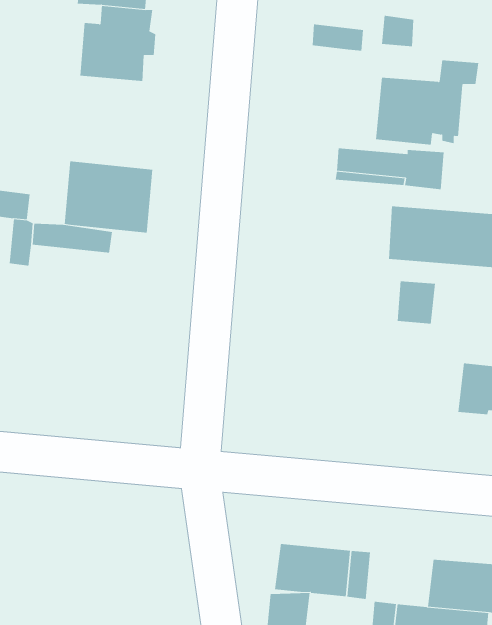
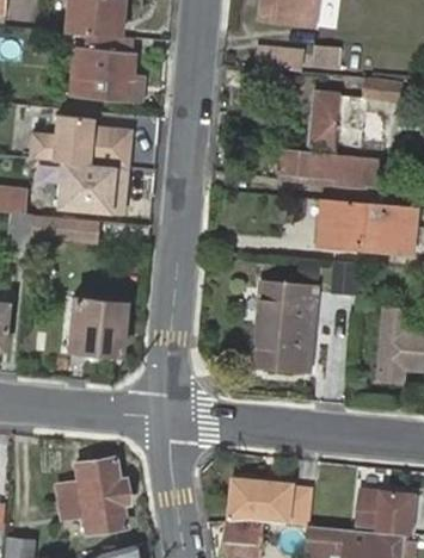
building: none -> [27,116,133,169]
building: none -> [256,284,318,371]
building: none -> [64,297,121,353]
building: none -> [56,455,128,529]

